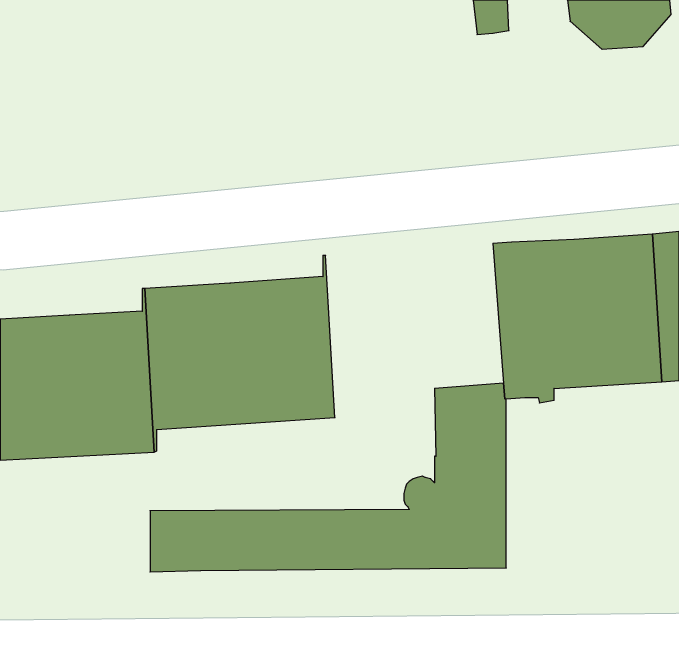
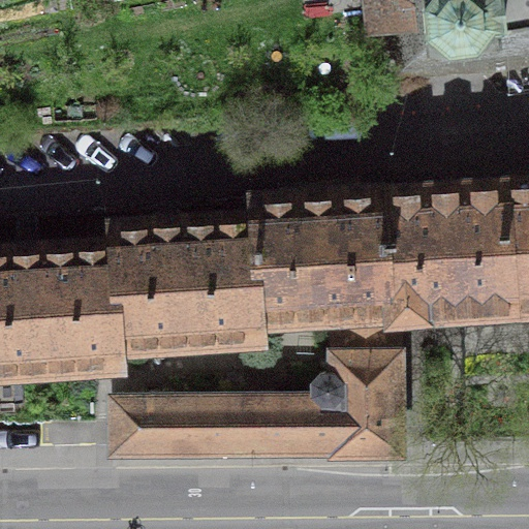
building: none -> [253,204,392,339]

